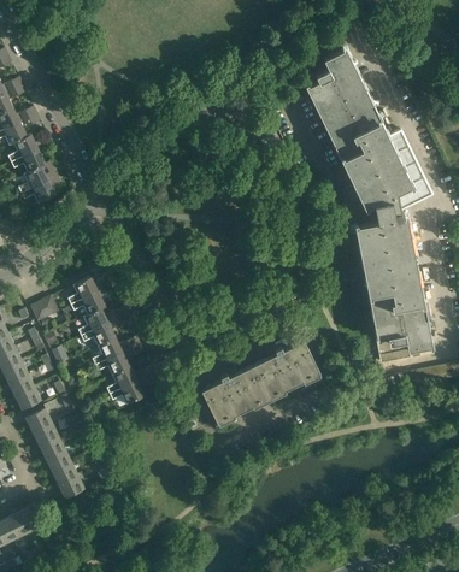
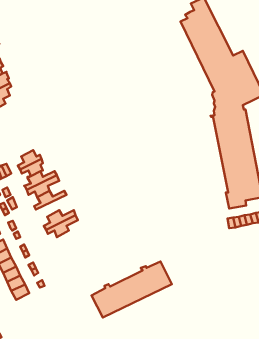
building: [201,340,320,423] -> [91,261,172,318]
building: [94,342,143,375] -> none

